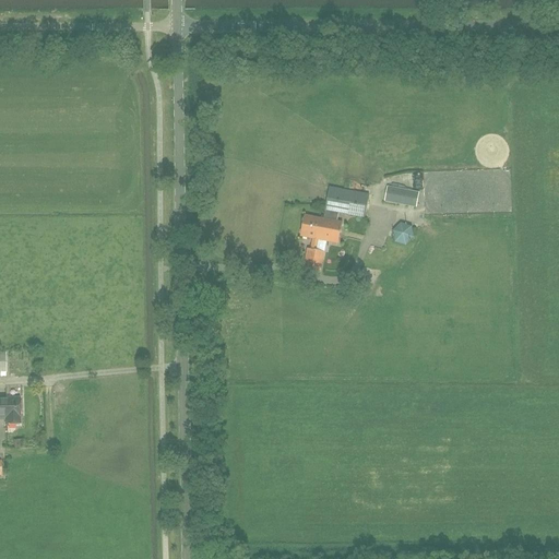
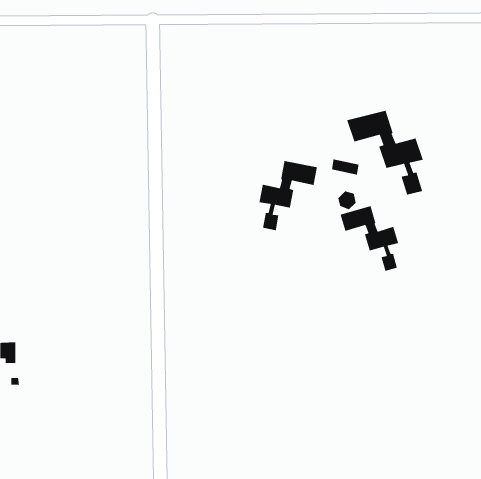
building: none -> [346,110,424,196]
building: none -> [339,205,399,272]

